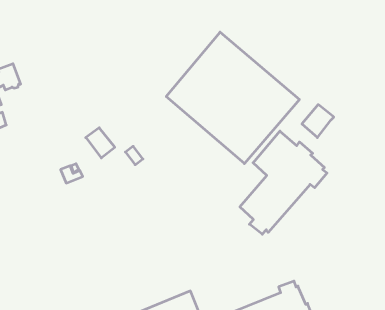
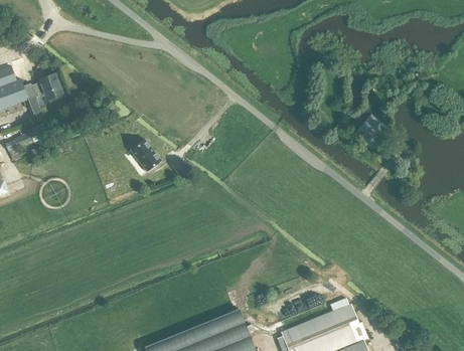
building: [166,32,299,164] -> none
building: [240,131,327,234] -> none

